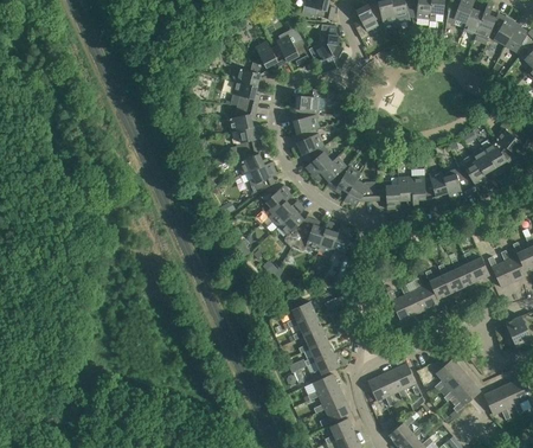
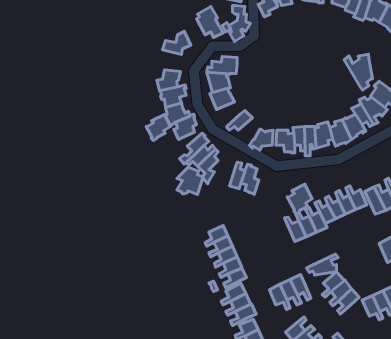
building: [256,40,288,69] -> none
building: [232,81,261,108] -> none
building: none -> [344,54,373,90]
building: [302,146,332,178] -> none
building: none -> [146,114,170,140]
building: [327,166,361,193] -> none
building: [293,217,326,251] -> [177,167,203,195]
building: none -> [287,184,312,214]
building: none -> [307,254,338,275]

